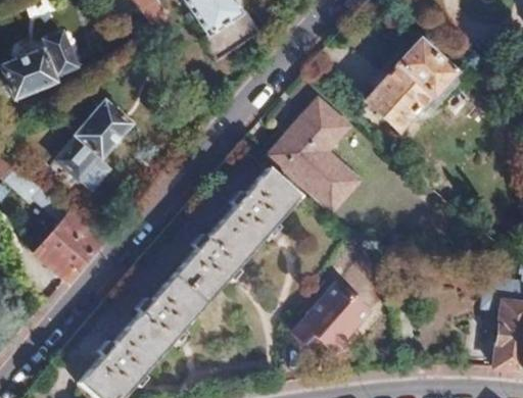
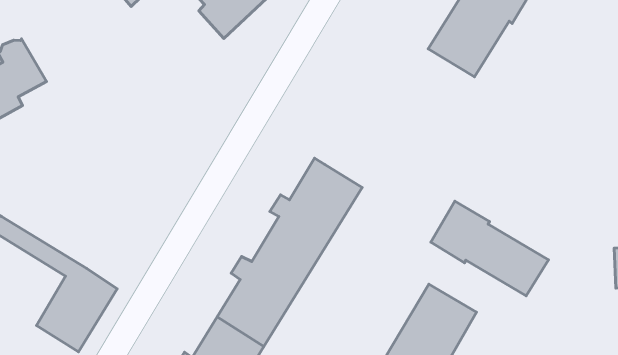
building: [54,99,132,192] -> none
building: [272,99,356,206] -> none
building: none -> [431,201,549,296]

